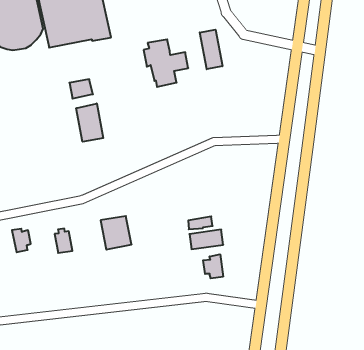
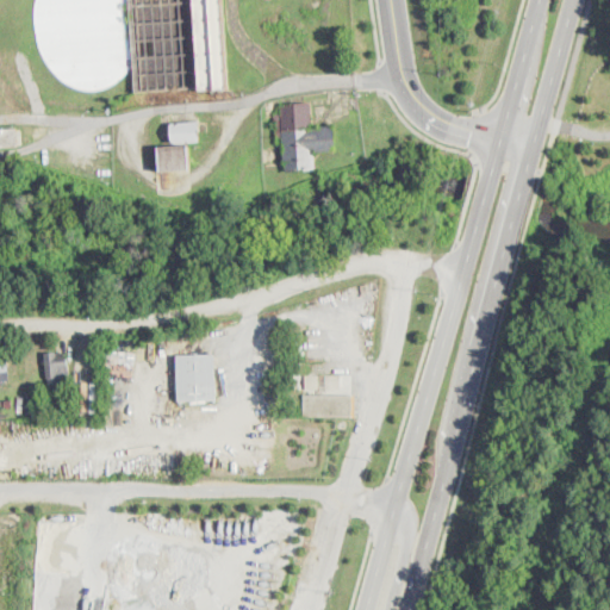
building: [200,30,222,69] -> none
building: none -> [169,123,198,143]
building: [76,103,103,142] -> none
building: [203,254,223,278] -> none

